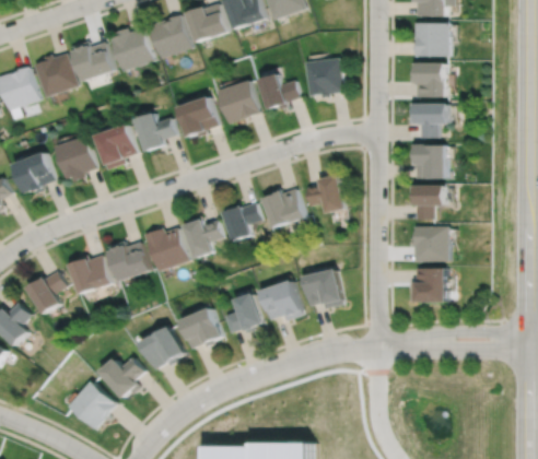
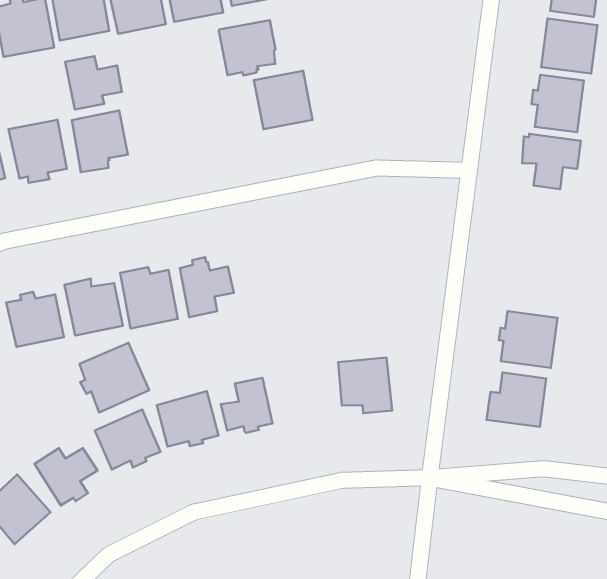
building: [303,56,342,97] -> none
building: [259,73,299,108] -> none
building: [177,95,219,137] -> [219,20,275,76]
building: [136,111,177,150] -> [65,56,122,109]
building: [410,143,445,177] -> none
building: [304,173,343,212] -> none
building: [408,184,444,219] -> none
building: [260,188,303,227] -> none
building: [222,202,258,240] -> none
building: [258,280,302,320] -> none
building: none -> [79,343,149,412]

